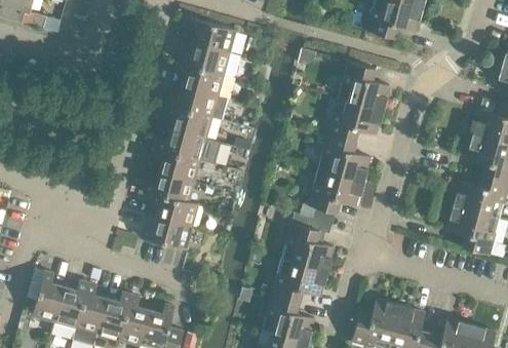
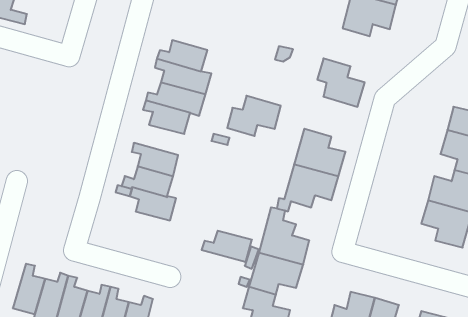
building: [189,18,237,53] -> none
building: [329,101,384,142] -> [227,96,281,136]
building: [156,129,207,160] -> none
building: [142,218,193,249] -> [202,231,252,262]

